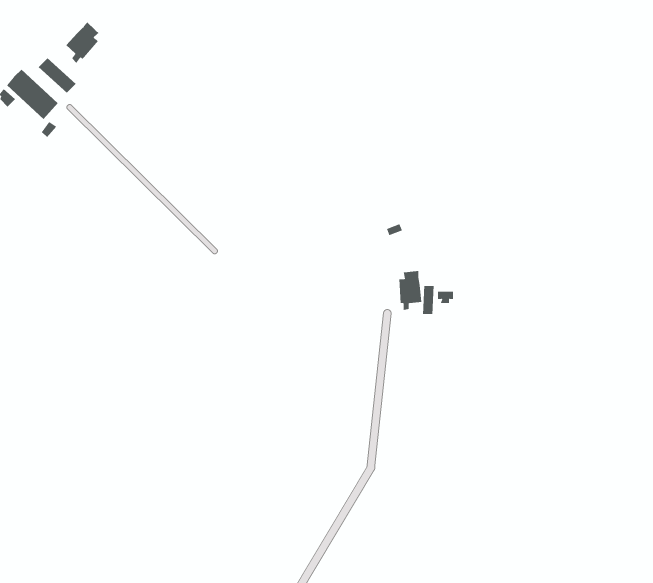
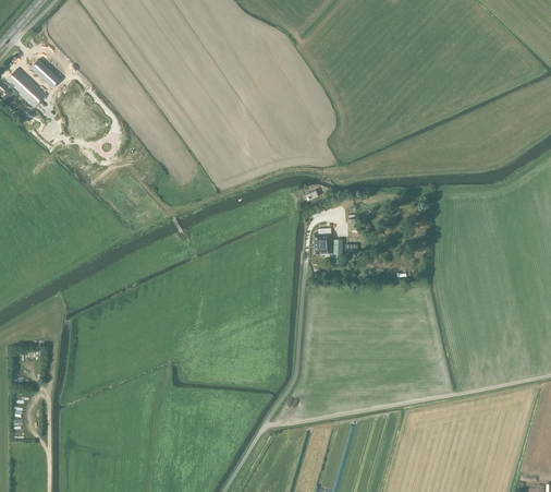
building: [66,21,100,64] -> none

